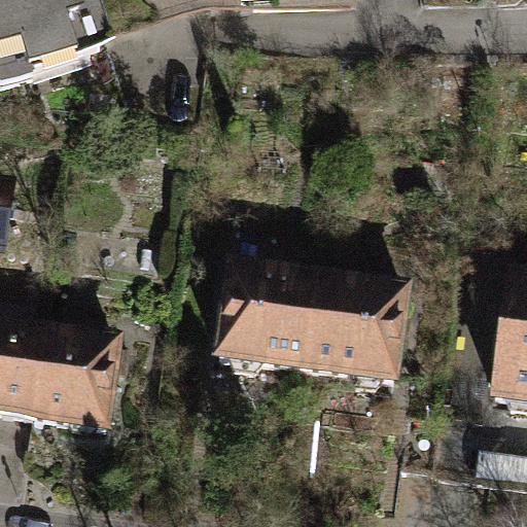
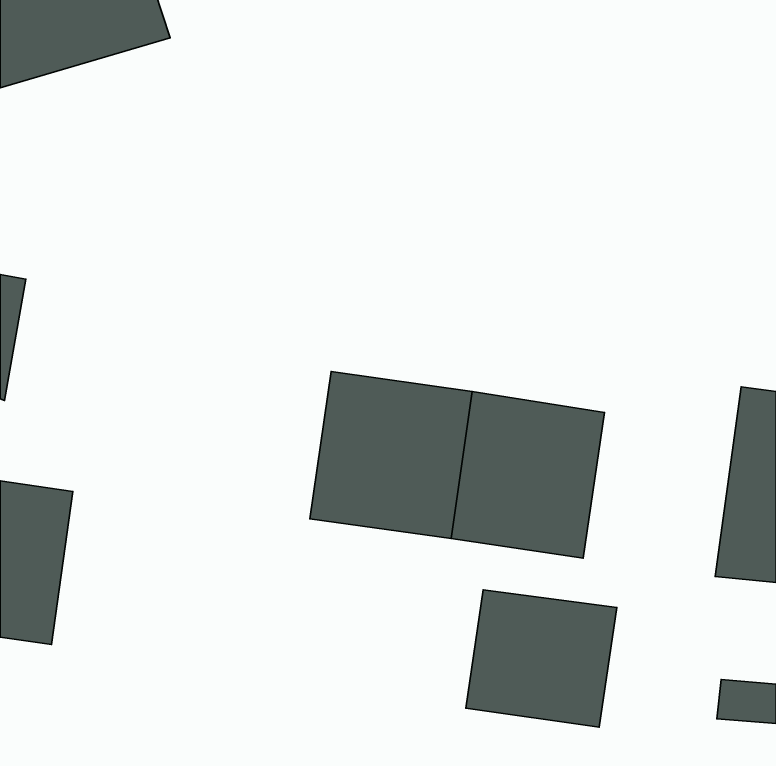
building: [35,333,127,447] -> none
building: none -> [466,590,617,727]

